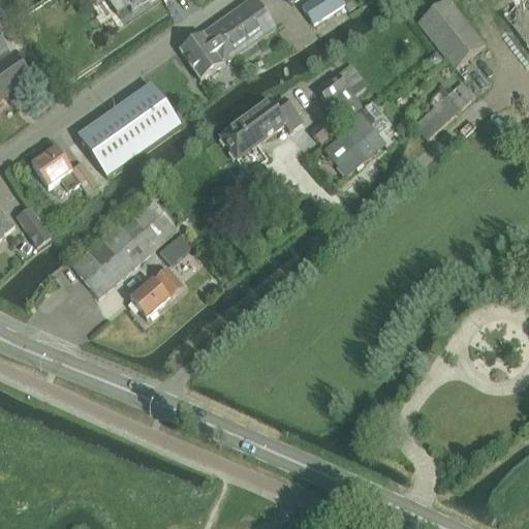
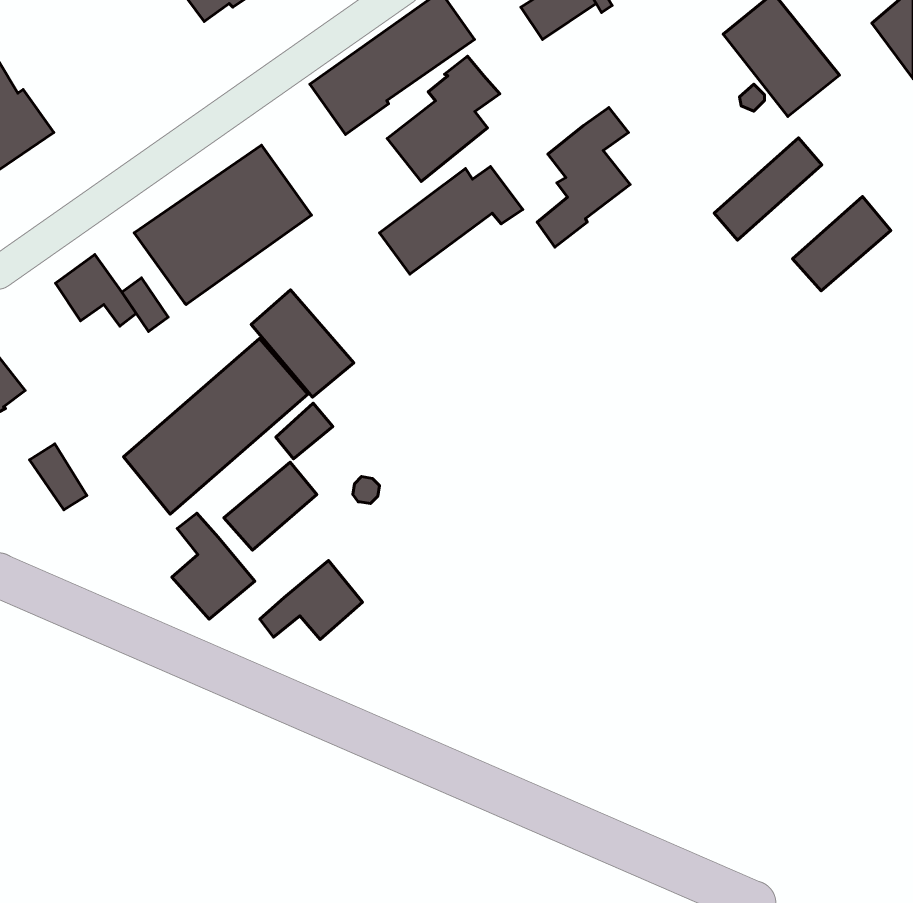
building: [325,102,391,175] -> [387,56,500,182]
building: none -> [793,197,891,291]
building: none -> [251,290,354,397]
building: [17,207,50,245] -> [30,444,87,510]
building: none -> [172,513,255,619]
building: none -> [260,560,363,640]

